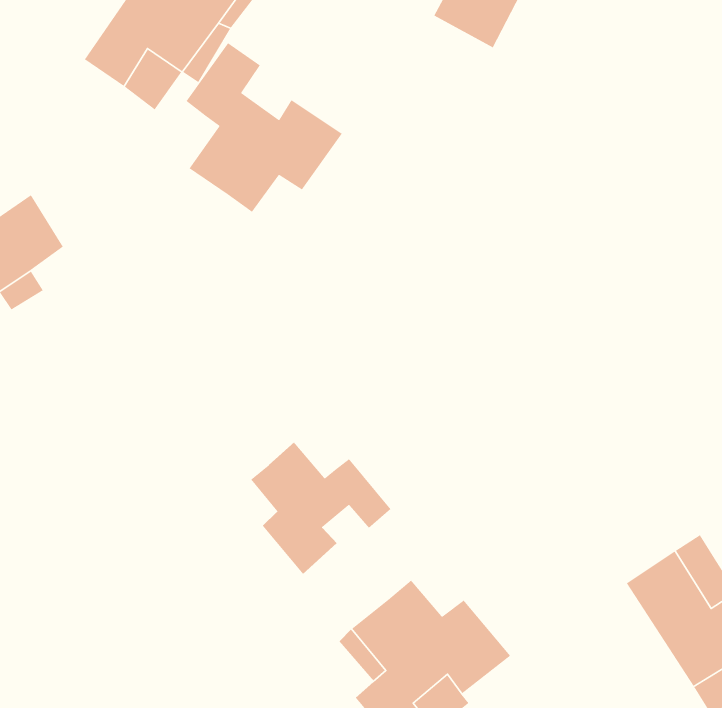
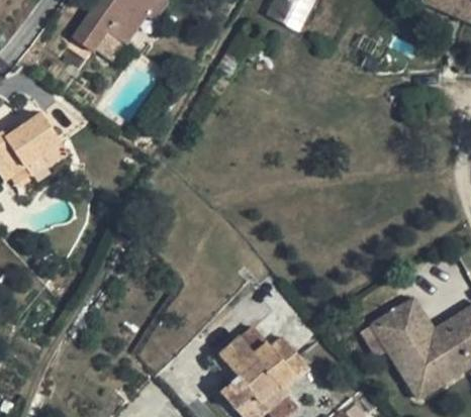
building: [185,42,343,213] -> none
building: [250,442,392,575] -> none

